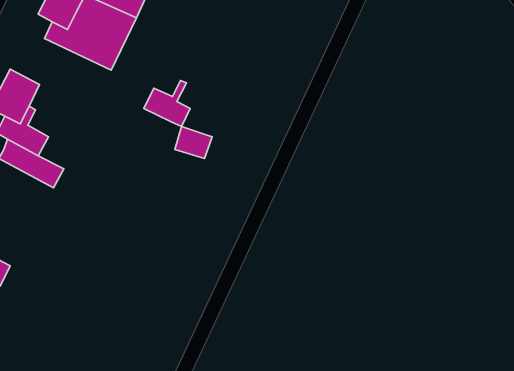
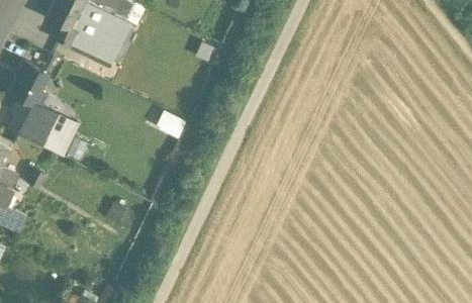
building: [144,80,190,127] -> none

